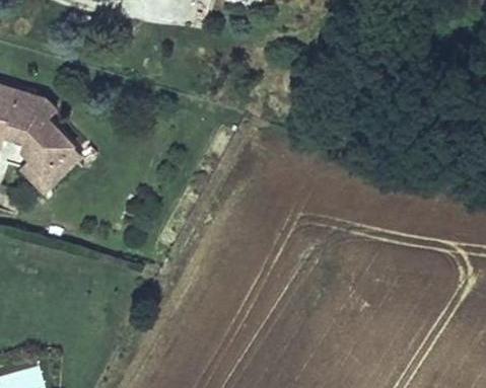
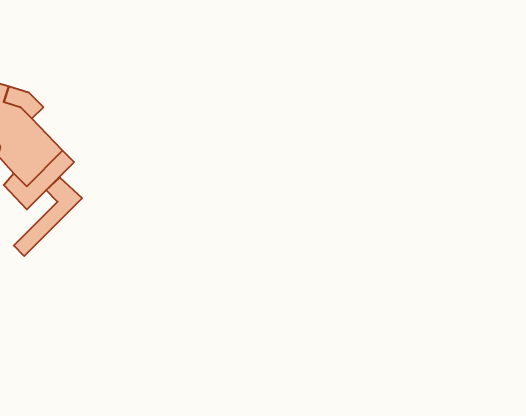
building: none -> [14,177,82,256]

